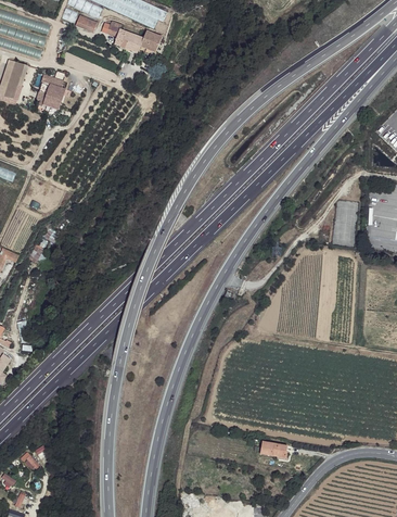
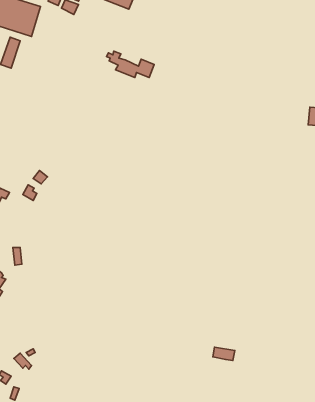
building: [101,21,159,53] -> [107,51,154,78]
building: [34,78,63,110] -> none

